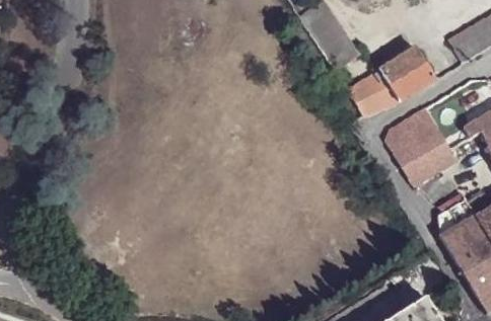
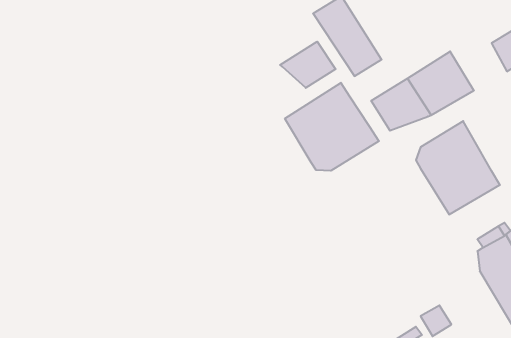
building: none -> [280,42,336,88]
building: none -> [285,83,379,171]

